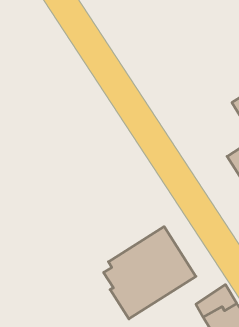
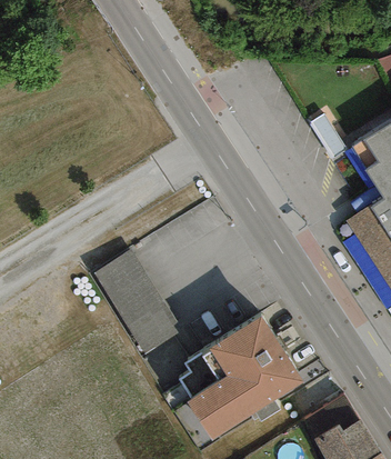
building: none -> [92,248,183,356]

